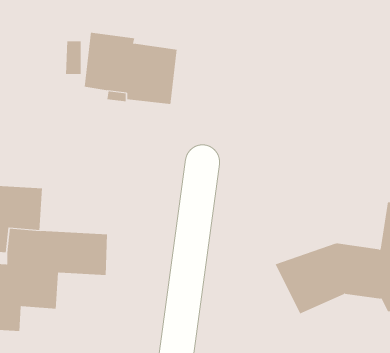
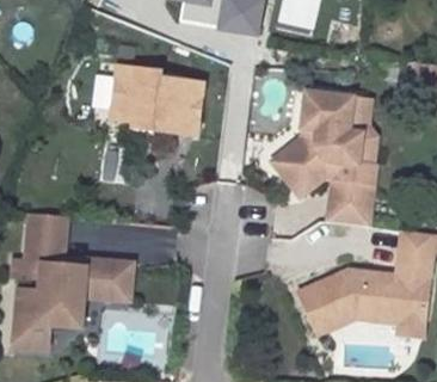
building: none -> [267,87,382,224]

